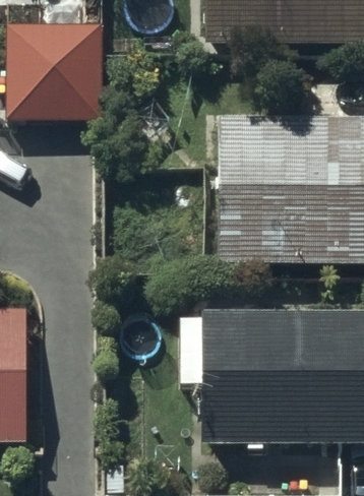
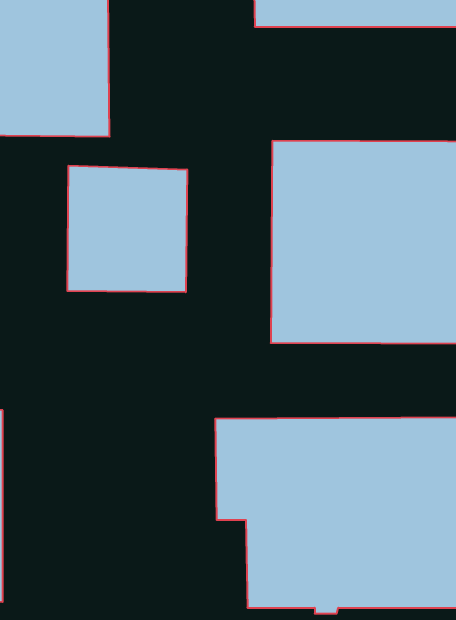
building: none -> [67,166,187,292]

